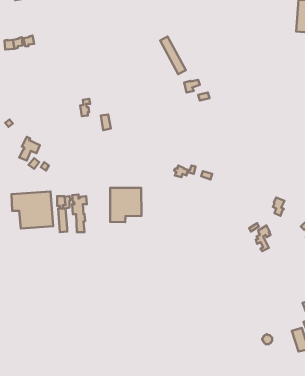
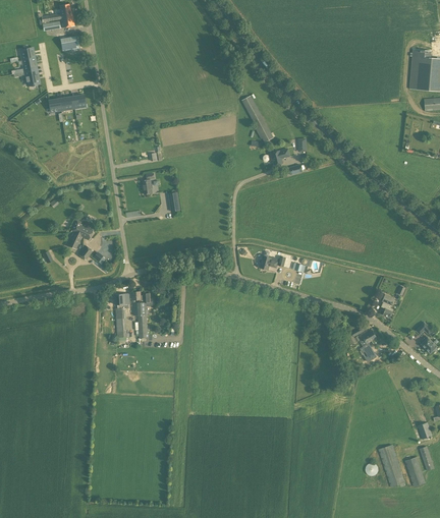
building: [110,188,142,222] -> none
building: [11,191,53,229] -> none
building: none -> [378,443,404,485]

